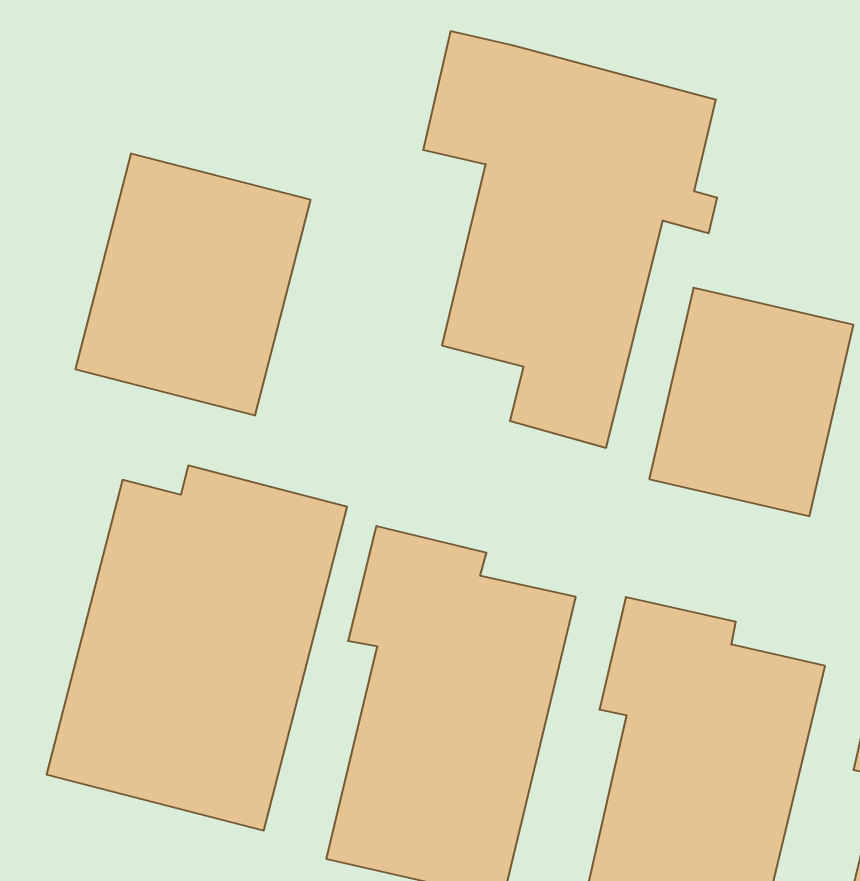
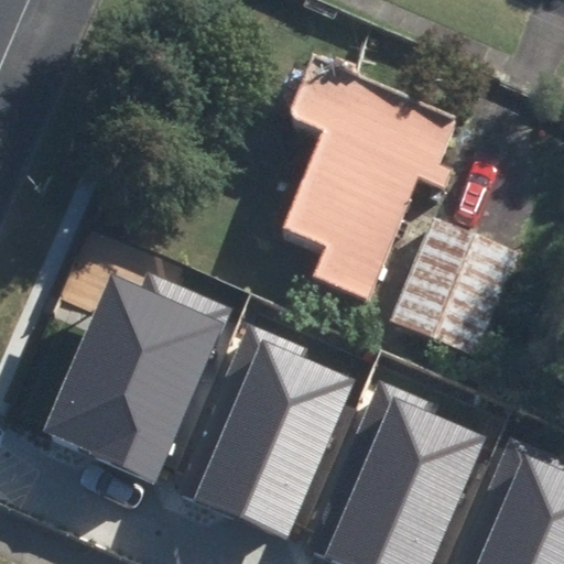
building: [75,153,310,416] -> none

